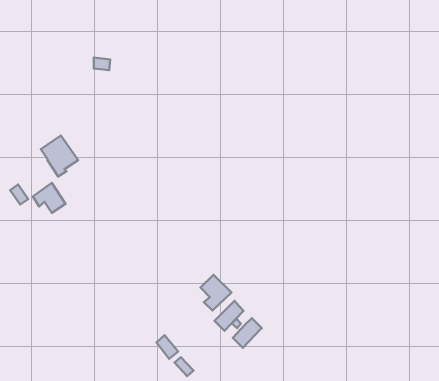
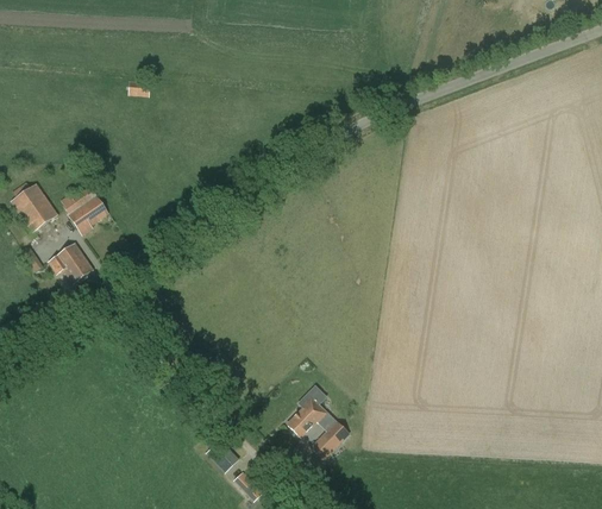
building: none -> [11,180,57,231]
building: [200,275,232,310] -> none

